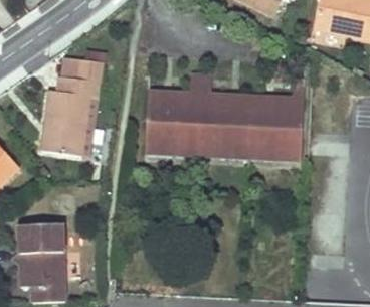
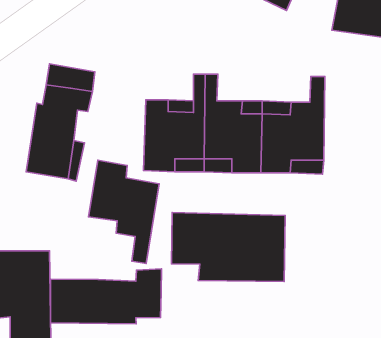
building: none -> [89,160,159,264]
building: none -> [172,212,285,282]
building: none -> [50,269,161,324]

